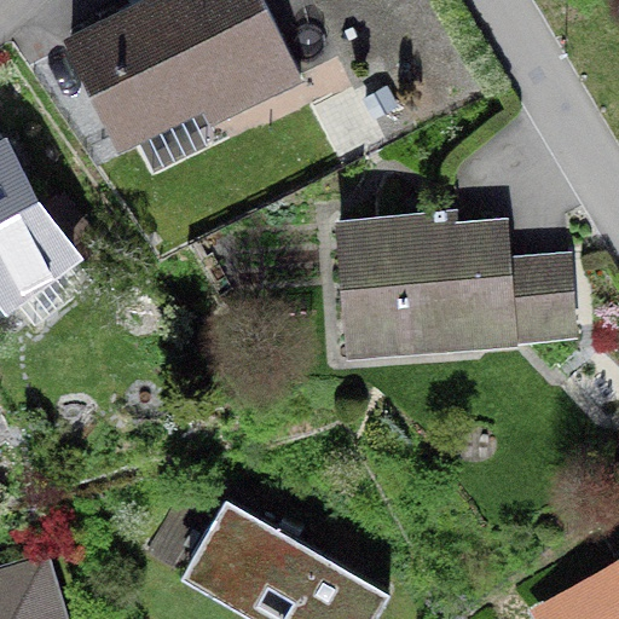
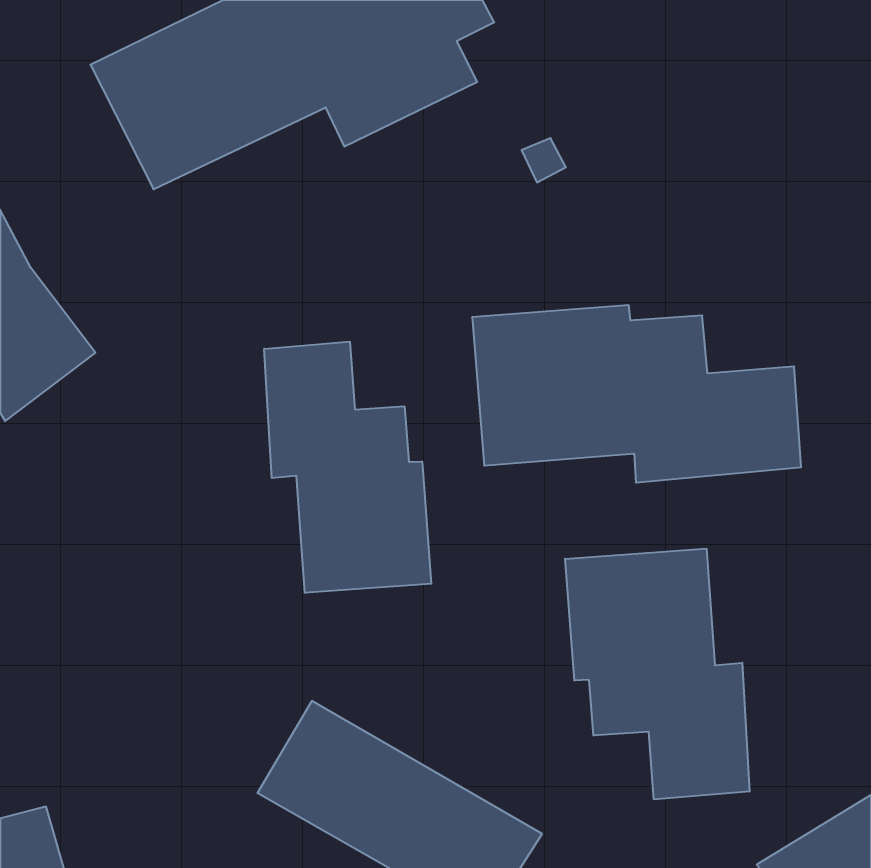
building: none -> [264,342,431,593]
building: none -> [565,549,749,799]

